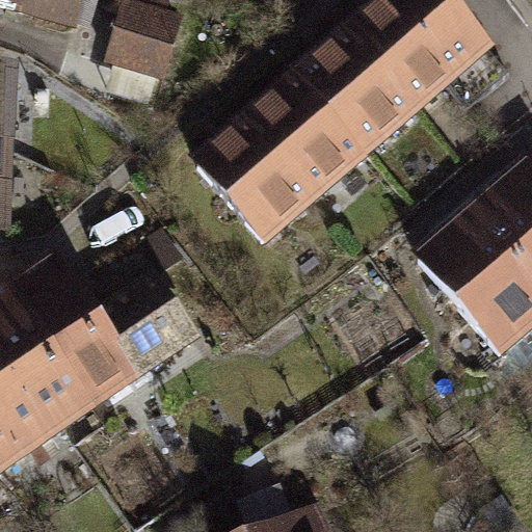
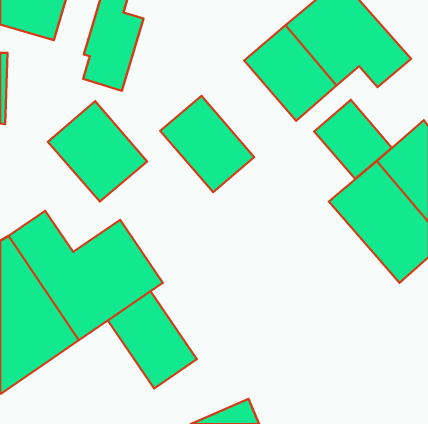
building: [250,75,368,194] -> none
building: none -> [314,100,392,179]
building: none -> [48,101,147,202]
building: none -> [108,291,197,389]

